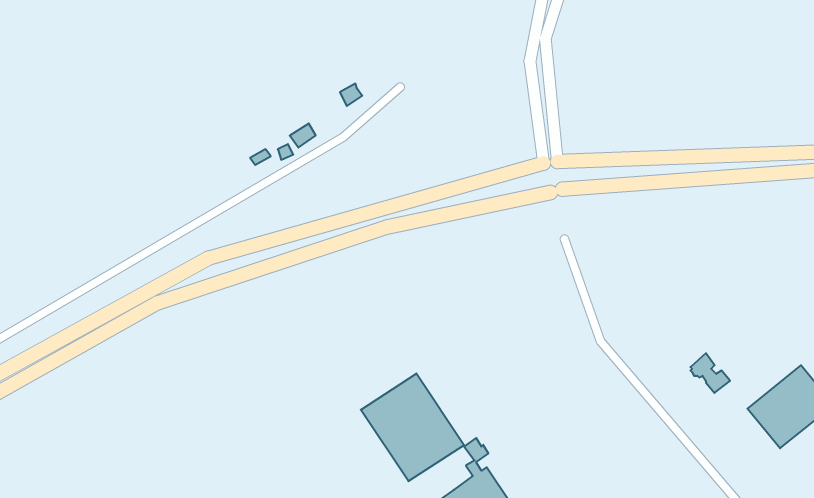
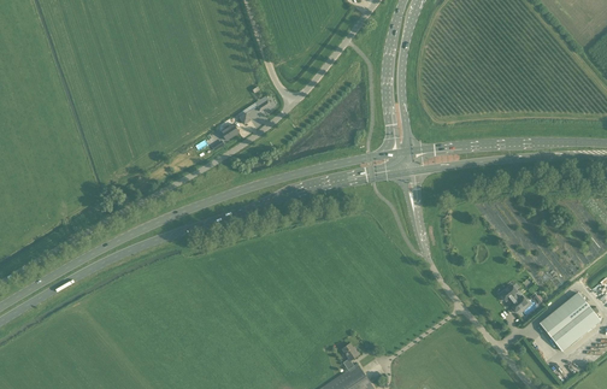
building: [361,373,464,481] -> none

